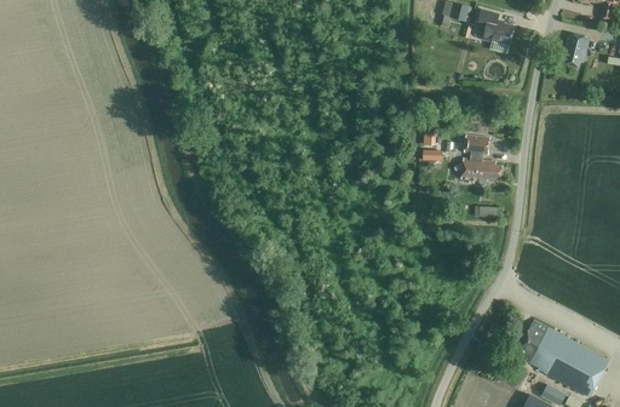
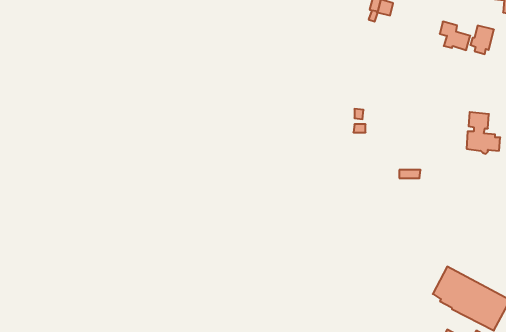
building: [477,8,513,42] -> [440,22,470,50]
building: [463,133,503,183] -> [467,112,500,154]

